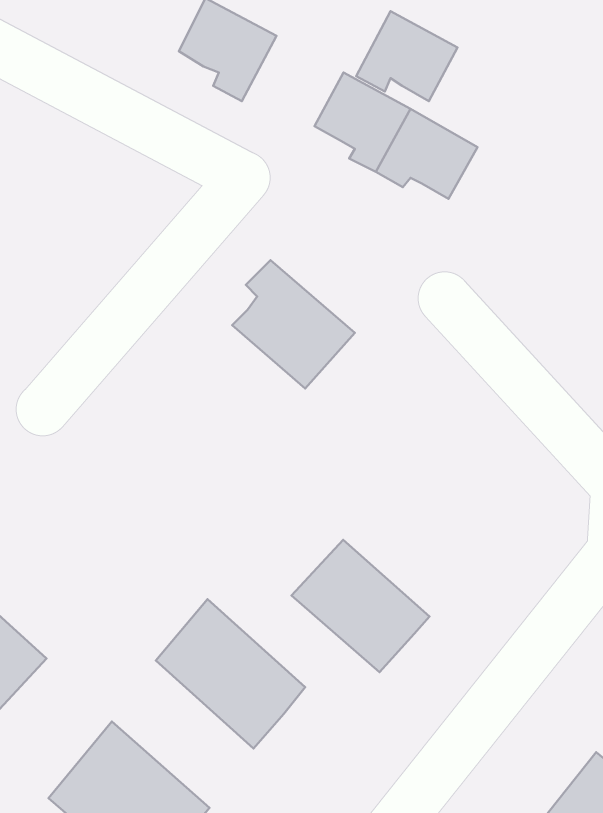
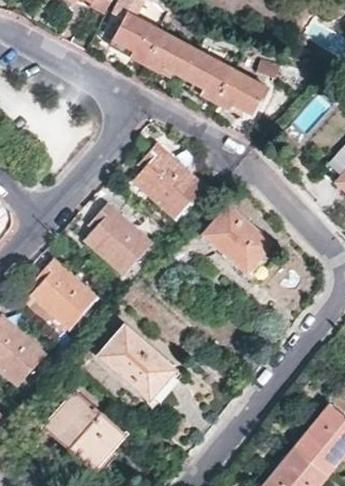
building: [356,11,458,101] -> [143,30,196,77]
building: none -> [86,201,151,270]
building: none -> [30,259,95,328]
building: [292,540,429,672] -> [199,204,271,273]

